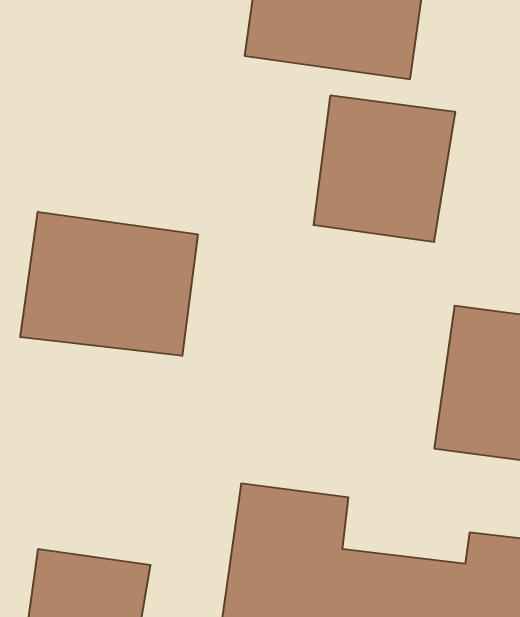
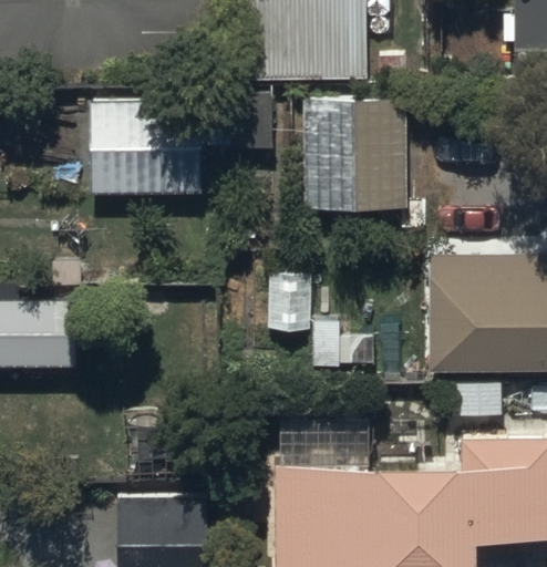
building: none -> [90,100,228,194]
building: [20,212,198,356] -> none

